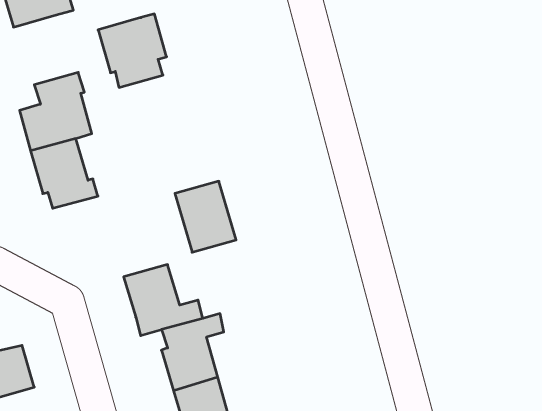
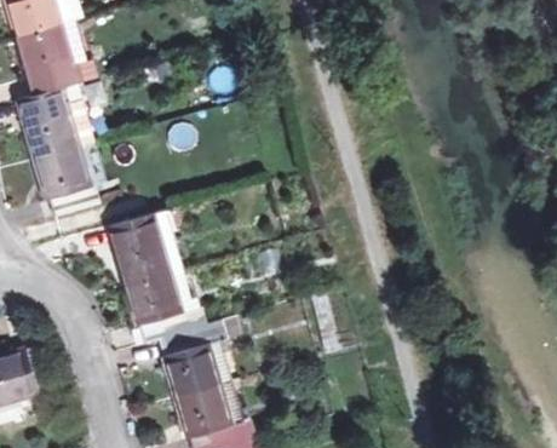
building: [98,14,167,87] -> [16,19,84,92]
building: [175,181,236,252] -> [108,212,168,282]

